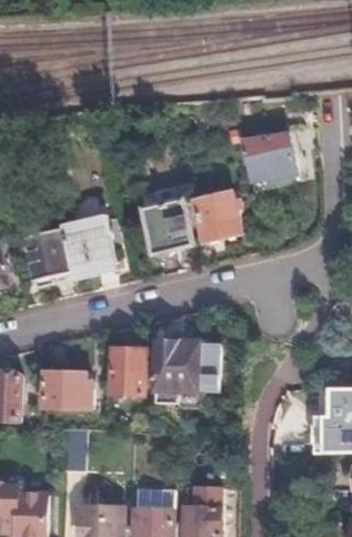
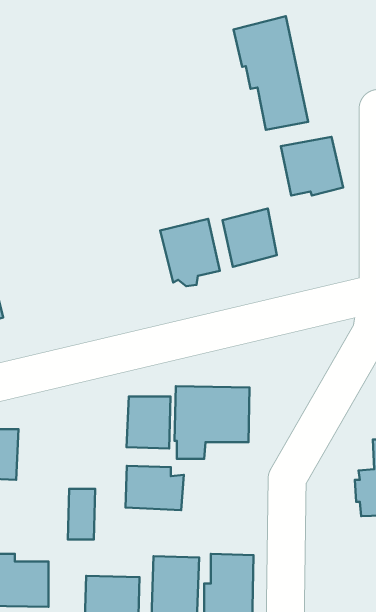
building: none -> [234,16,308,130]
building: [23,213,115,283] -> none
building: [44,372,94,409] -> [125,466,184,510]

